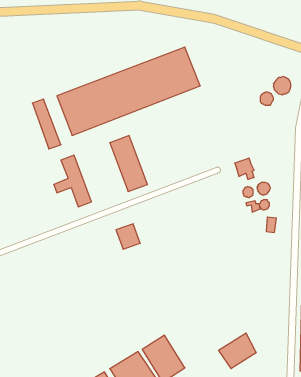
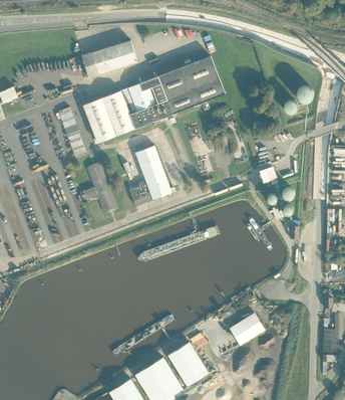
building: none -> [81,39,138,78]
building: [116,224,140,249] -> [128,180,152,205]
building: [219,333,256,369] -> [228,311,265,346]

